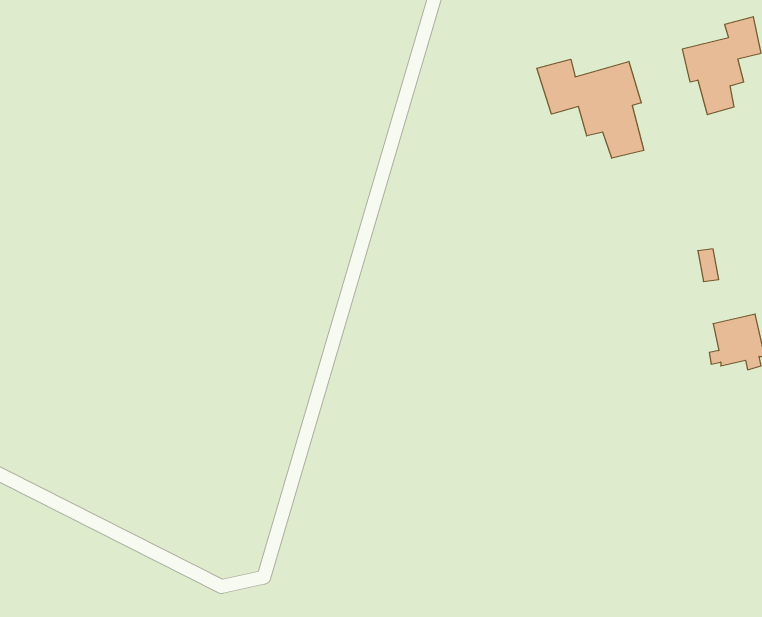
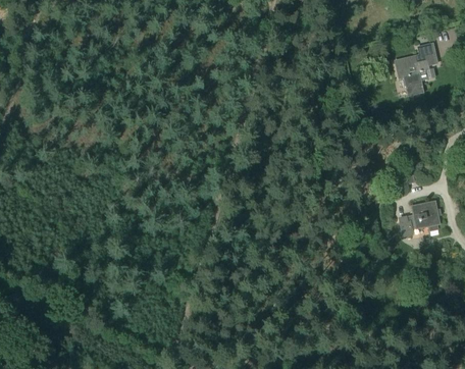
building: [537,59,644,158] -> none

